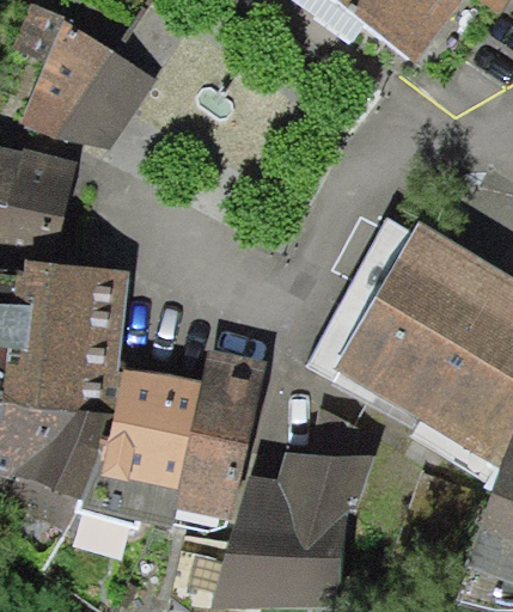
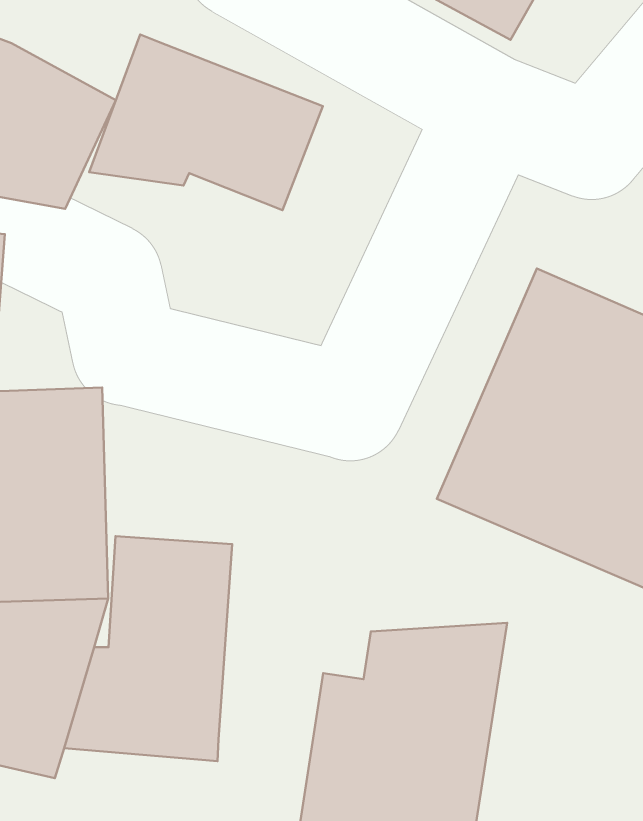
building: none -> [89,34,323,210]
building: [173,349,261,521] -> none

